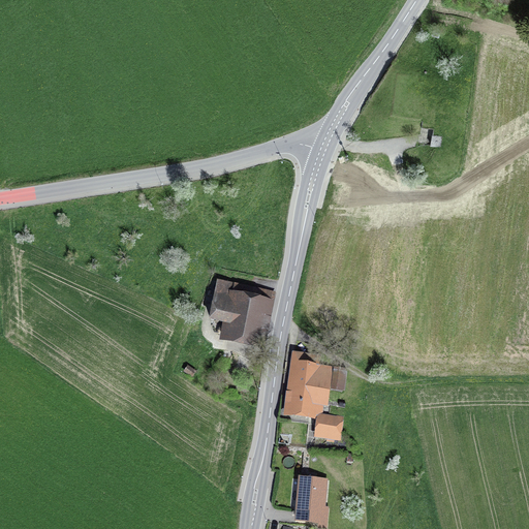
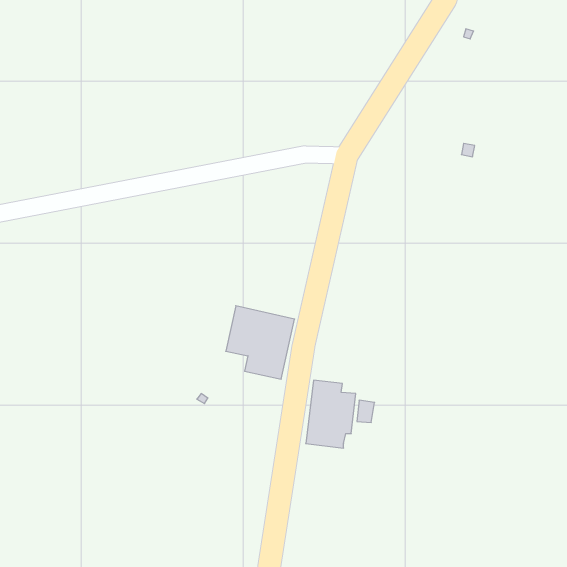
building: [317,412,342,437] -> none
building: [295,477,328,523] -> none

